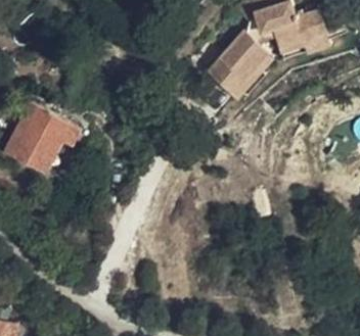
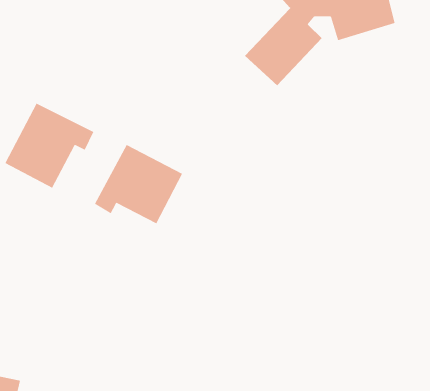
building: none -> [94,144,183,224]

